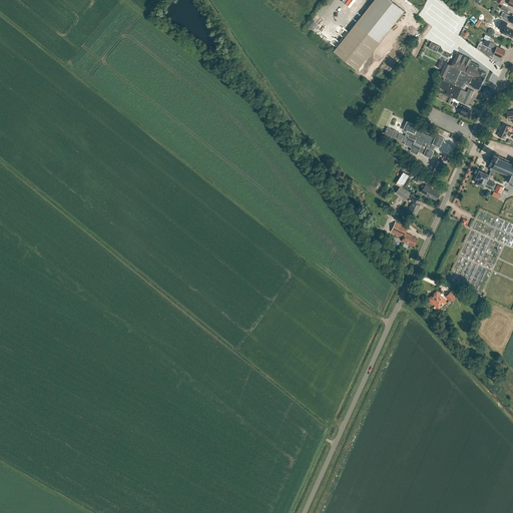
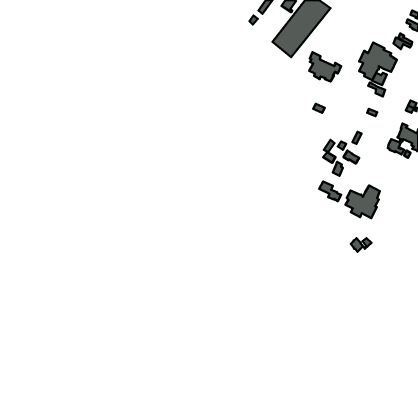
building: [404,121,443,157] -> [309,52,341,82]
building: none -> [346,185,380,218]

